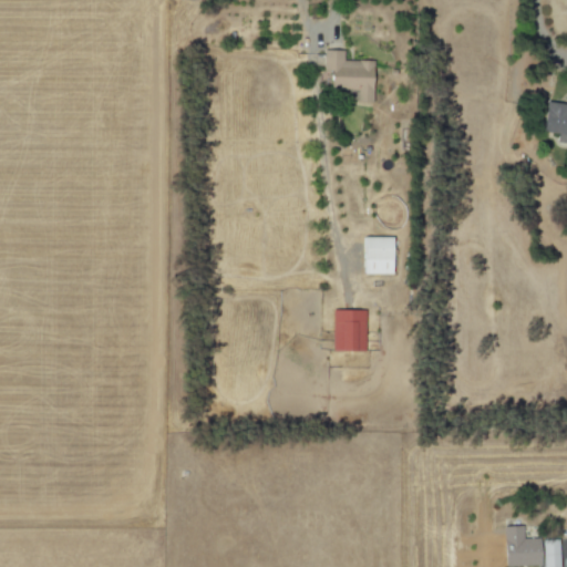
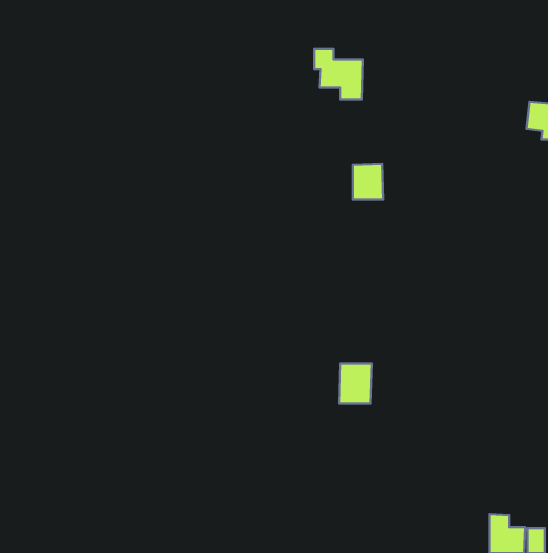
building: [364,237,395,274] -> [353,164,383,200]
building: [334,310,368,351] -> [339,363,372,403]

